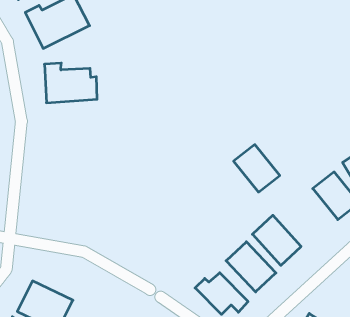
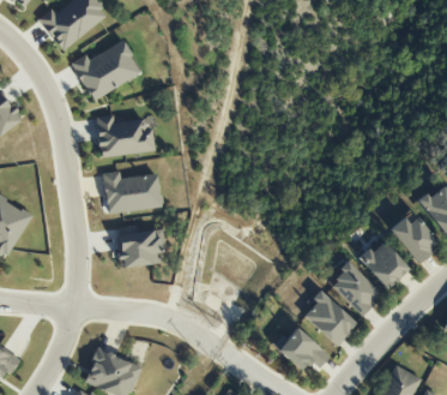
building: none -> [102,170,161,213]
building: [234,145,280,192] -> [358,238,409,288]
building: none -> [116,228,164,268]

